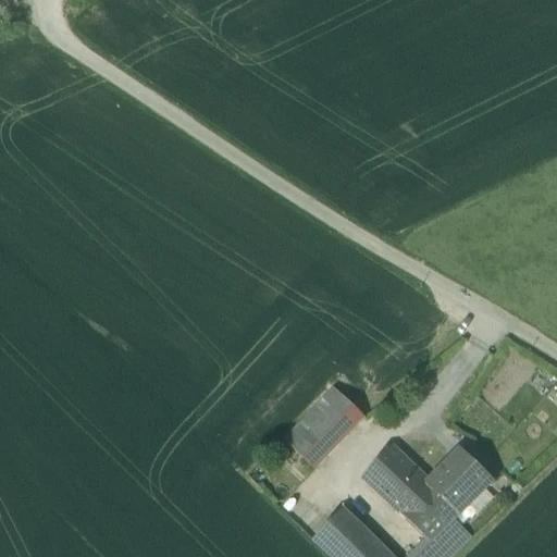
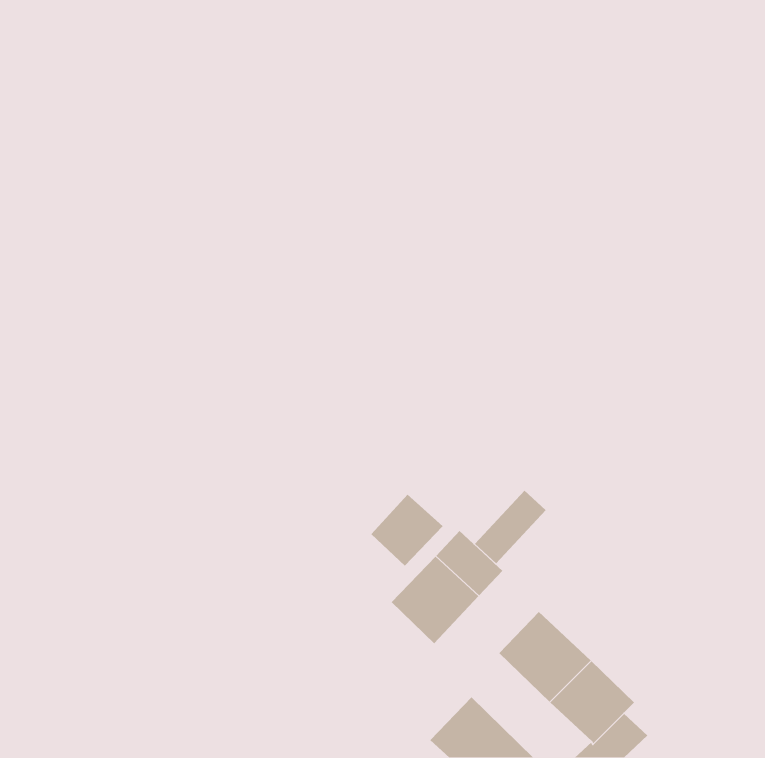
building: none -> [474,490,546,564]
building: none -> [370,494,443,566]
building: [430,448,493,510] -> none

